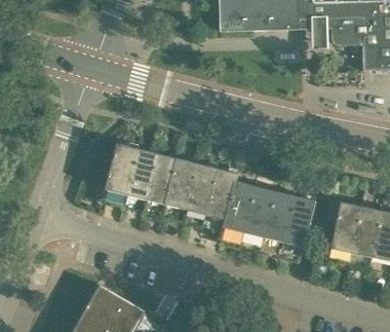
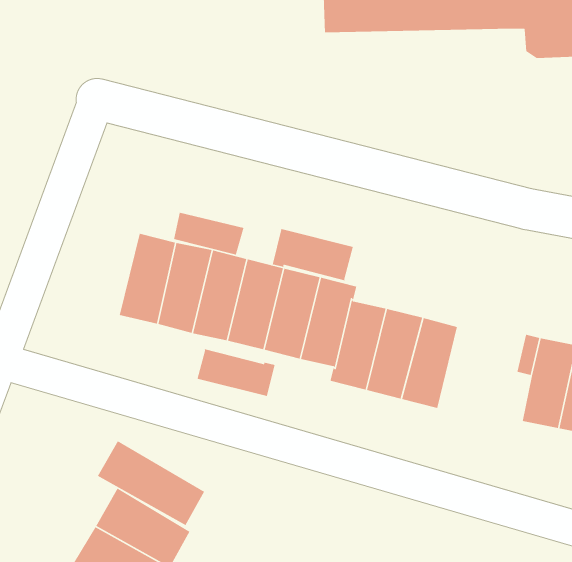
building: none -> [173,212,244,256]
building: none -> [272,228,354,281]
building: [283,195,315,247] -> none
building: none -> [196,348,276,397]
building: none -> [97,440,205,526]

